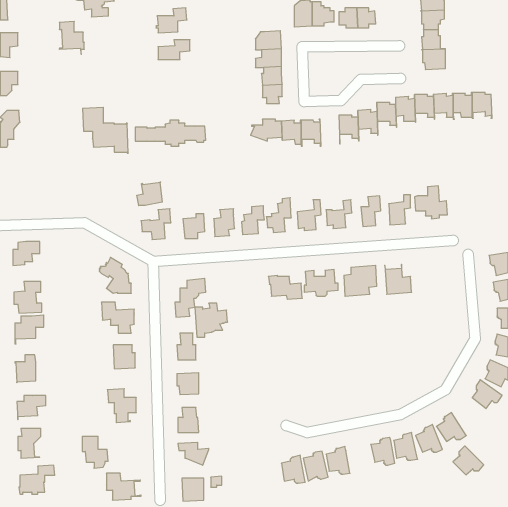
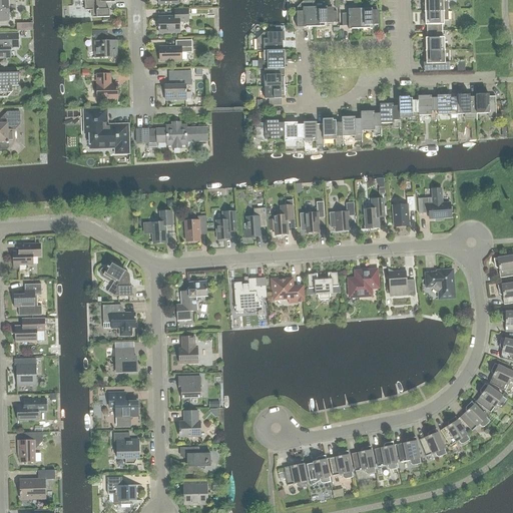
building: [59,21,84,54] -> [92,29,117,62]
building: none -> [165,70,191,100]
building: none -> [96,73,117,98]
building: none -> [323,116,343,147]
building: [137,182,162,206] -> none
building: none -> [426,270,454,298]
building: [195,303,228,337] -> [233,278,267,312]
building: [82,436,108,468] -> [113,432,139,464]
building: none -> [351,445,376,474]
building: [453,446,484,475] -> [459,401,490,430]

